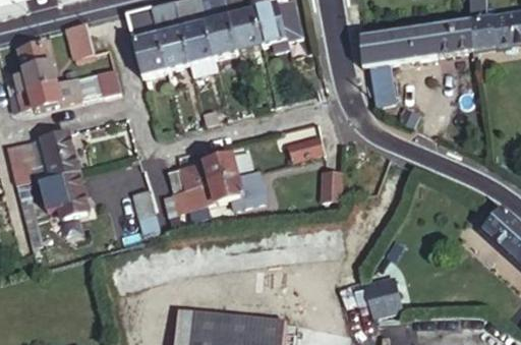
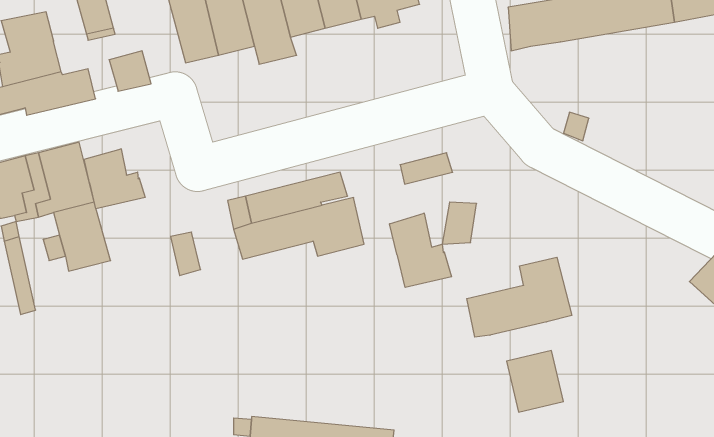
building: [375,62,403,103] -> none
building: none -> [84,149,145,209]
building: none -> [390,213,452,287]
building: none -> [467,257,572,337]

